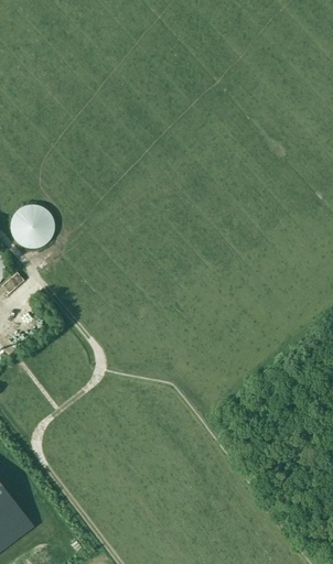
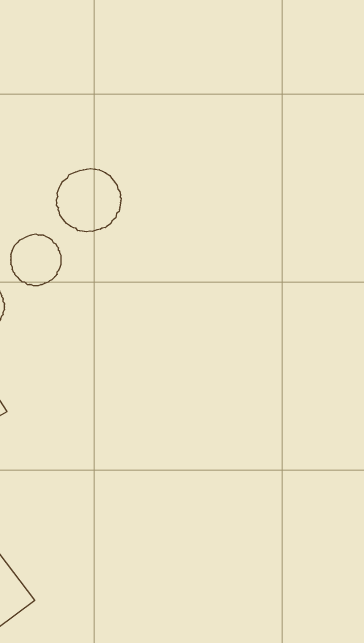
building: none -> [56,169,121,232]

